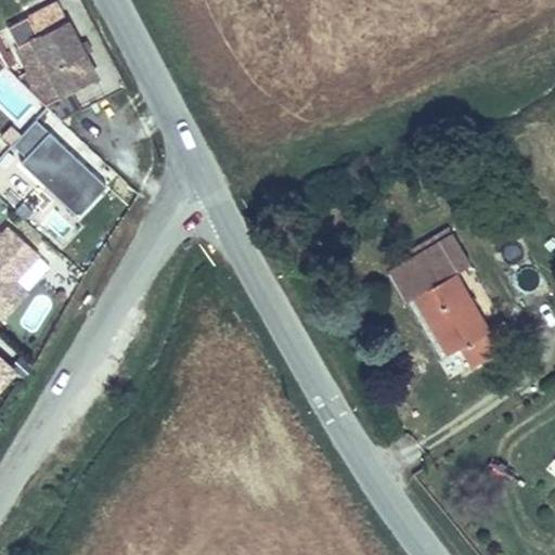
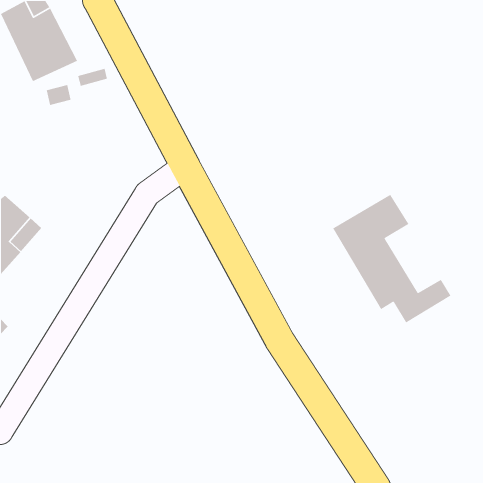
building: [18,126,113,222] -> none

